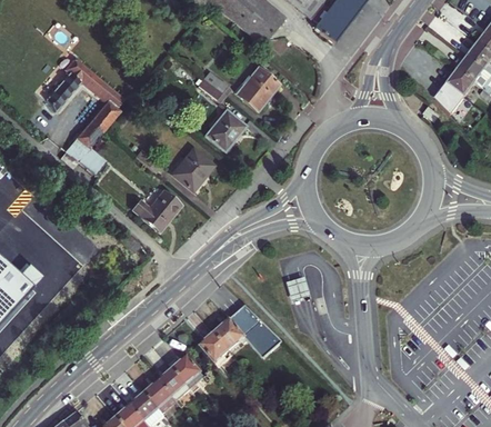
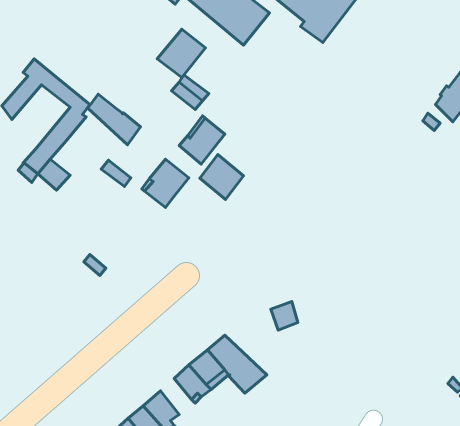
building: [236,66,279,109] -> [157,29,205,77]
building: none -> [88,94,140,145]
building: none -> [200,154,243,200]
building: [132,188,181,230] -> none

